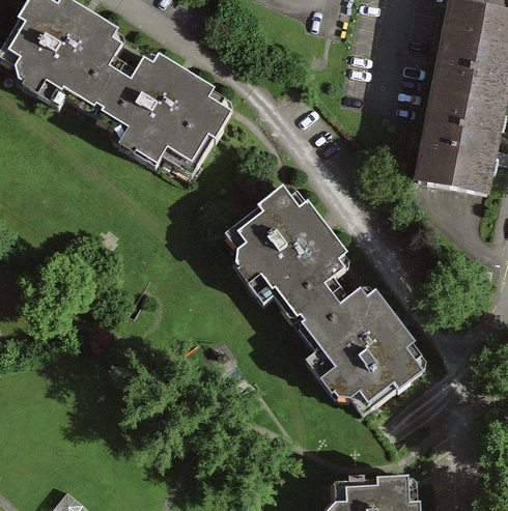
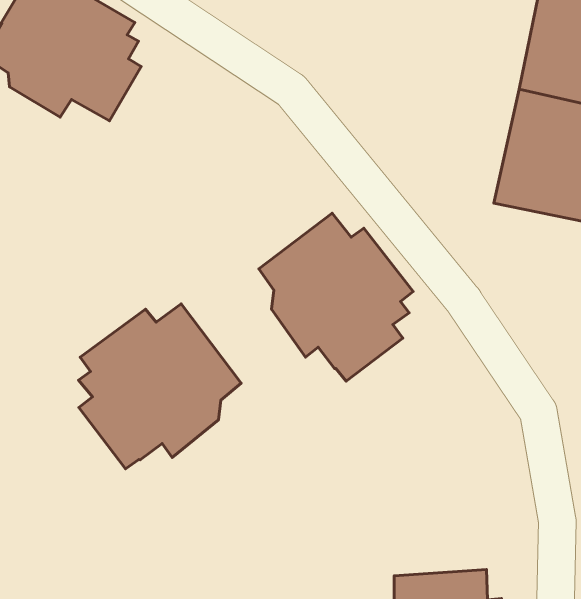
building: [98,55,235,166] -> none
building: none -> [79,304,241,469]
building: [292,287,423,417] -> none

